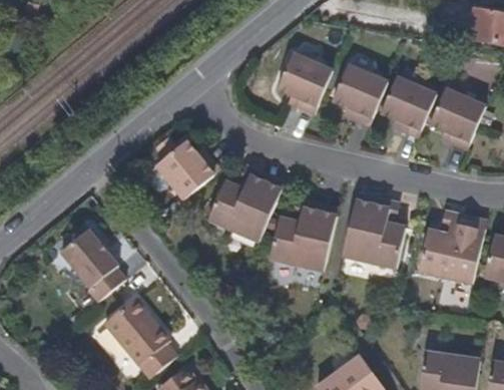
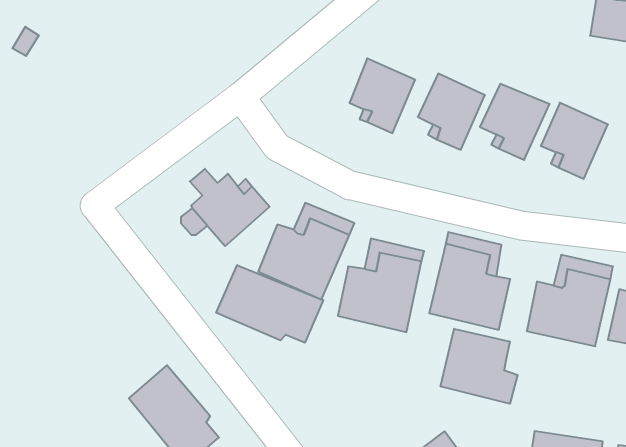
building: none -> [216,265,323,343]
building: [58,228,123,301] -> none
building: none -> [441,329,518,404]

